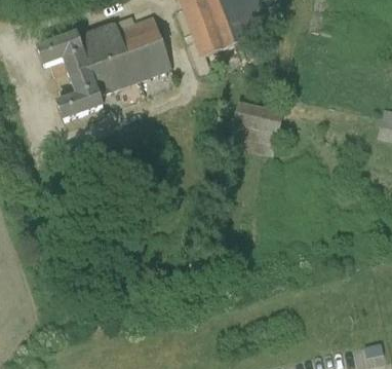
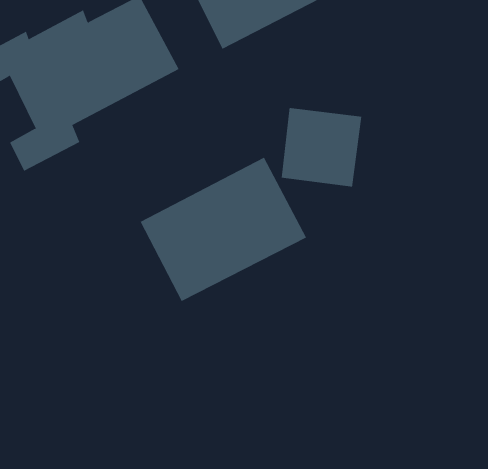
building: none -> [140,157,307,302]

